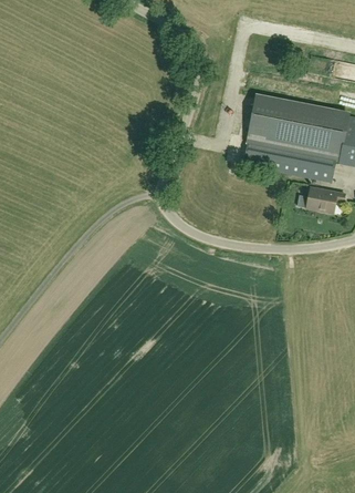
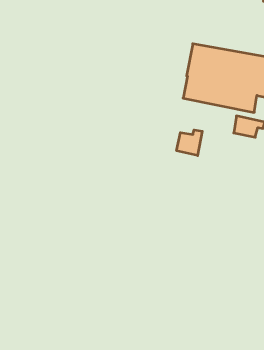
building: none -> [177,130,202,156]

